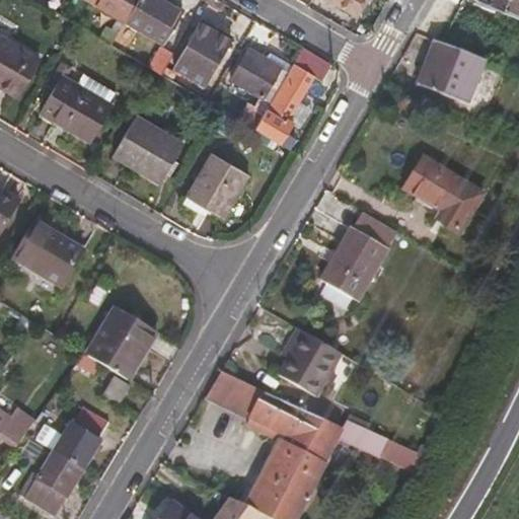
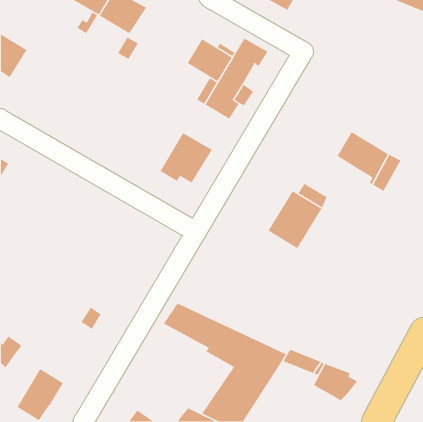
building: [171,18,229,81] -> none
building: [417,38,484,99] -> none
building: [46,60,122,133] -> none
building: [115,120,182,182] -> none
building: [10,220,80,286] -> none
building: [84,303,154,377] -> none
building: [278,330,343,396] -> none
building: [51,406,104,467] -> none

